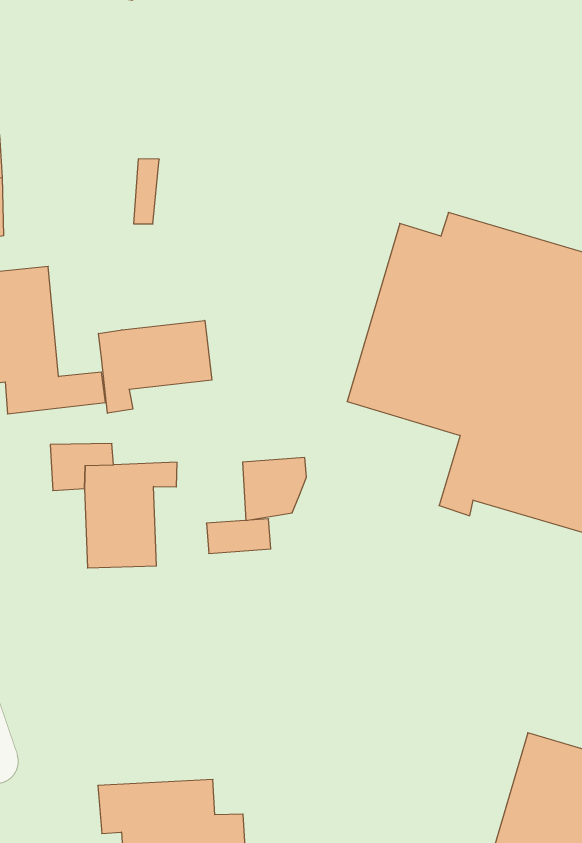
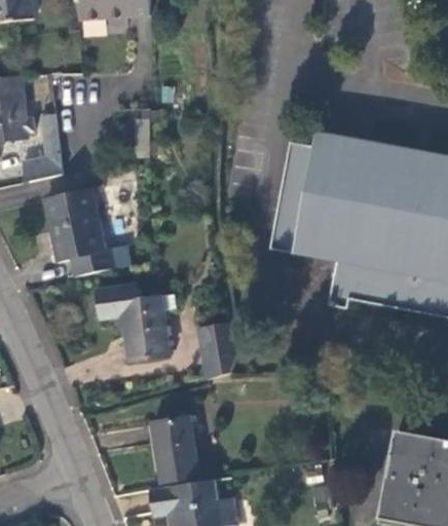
building: [99,320,212,413] -> none
building: [243,458,306,520] -> [198,338,236,378]
building: none -> [152,415,197,480]

